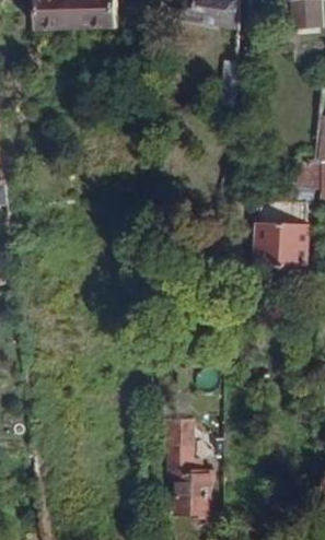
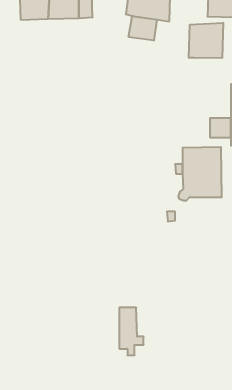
building: none -> [129,16,157,41]
building: none -> [189,23,223,58]
building: [174,469,210,515] -> none

